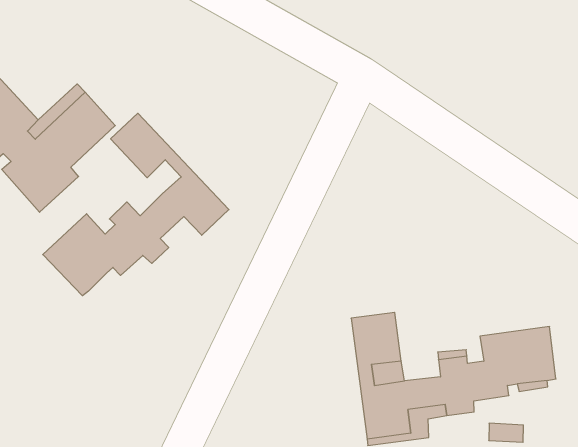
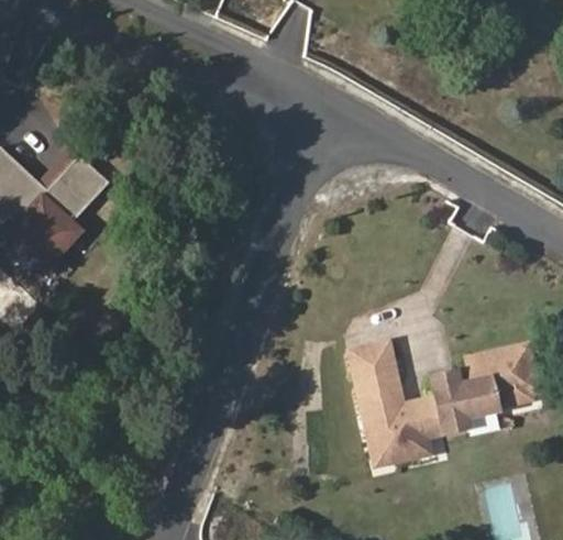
building: [43,113,229,296] -> none

